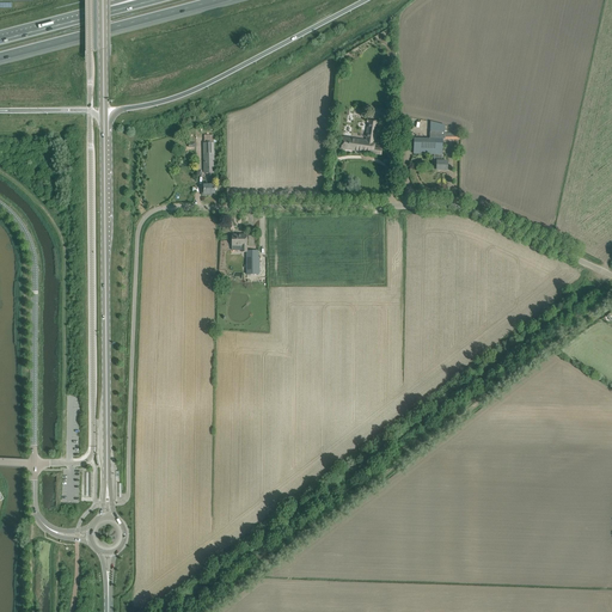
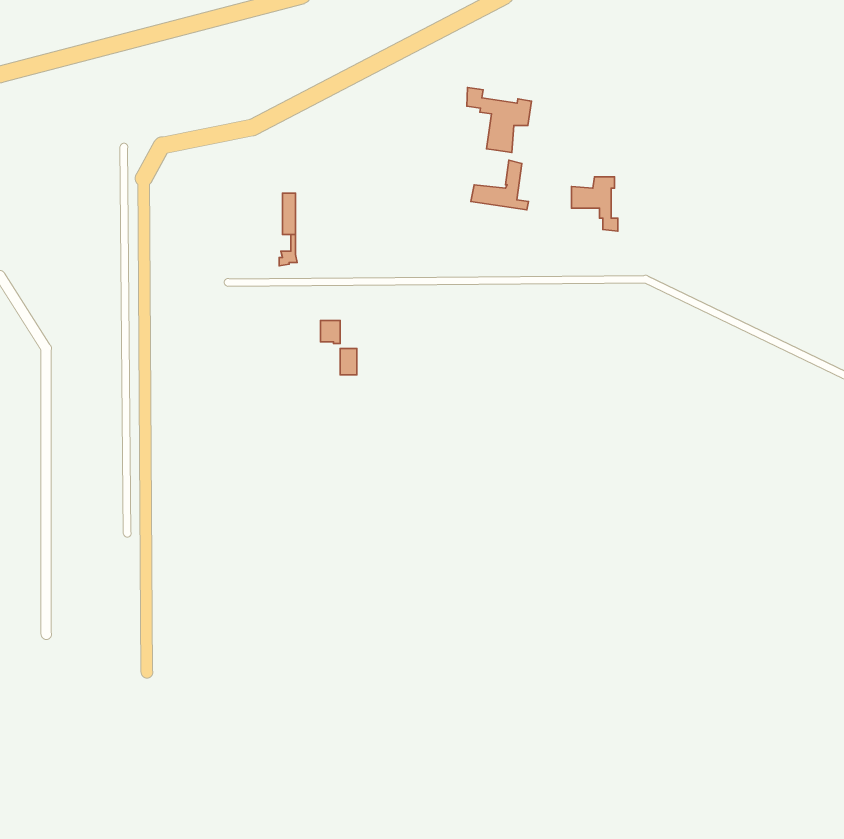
building: none -> [467,87,531,153]

